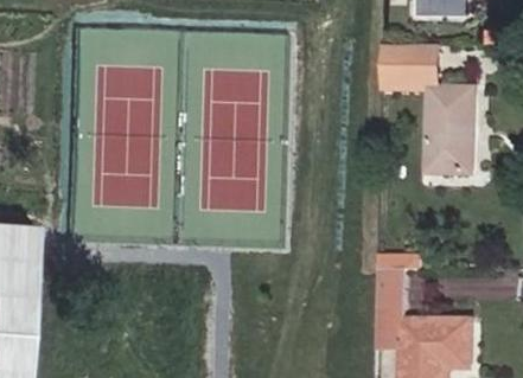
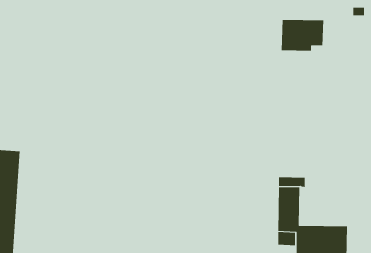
building: [430,89,477,175] -> none

